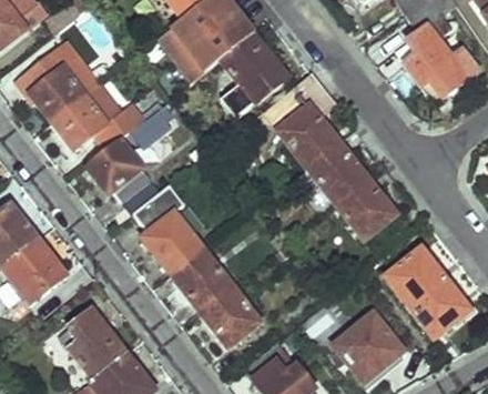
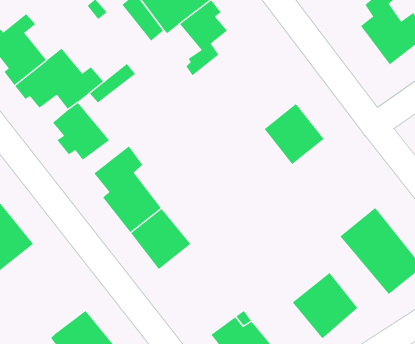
building: [264,72,340,166] -> none
building: [336,176,398,241] -> none
building: [200,284,261,346] -> none
building: [69,310,125,376] -> none

